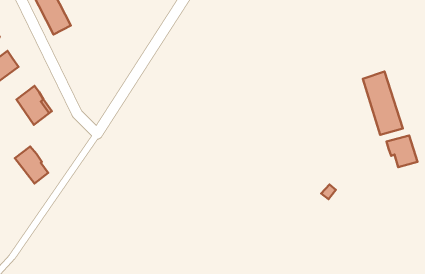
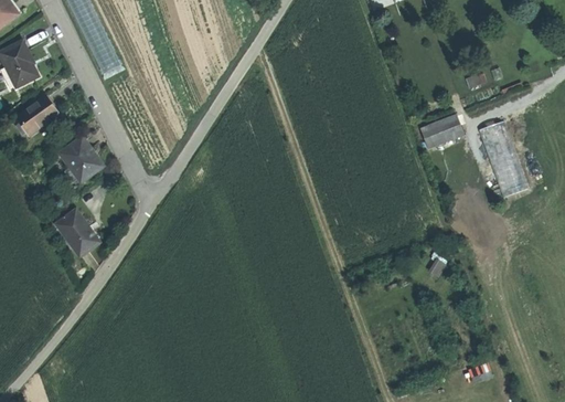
building: none -> [422,112,466,147]
building: [387,136,418,167] -> none

